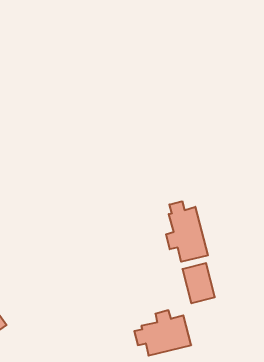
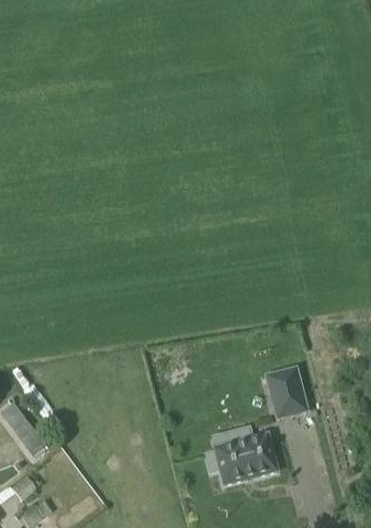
building: [166,201,208,262] -> none

